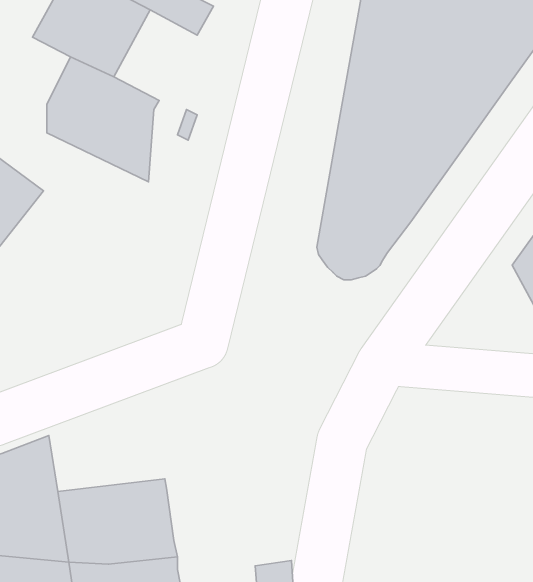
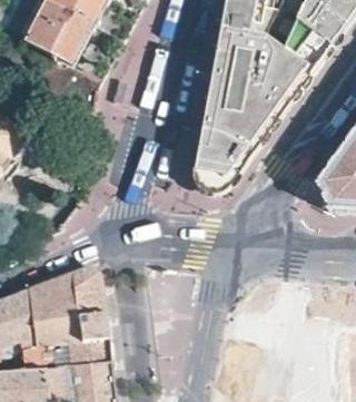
building: none -> [31,263,102,317]

